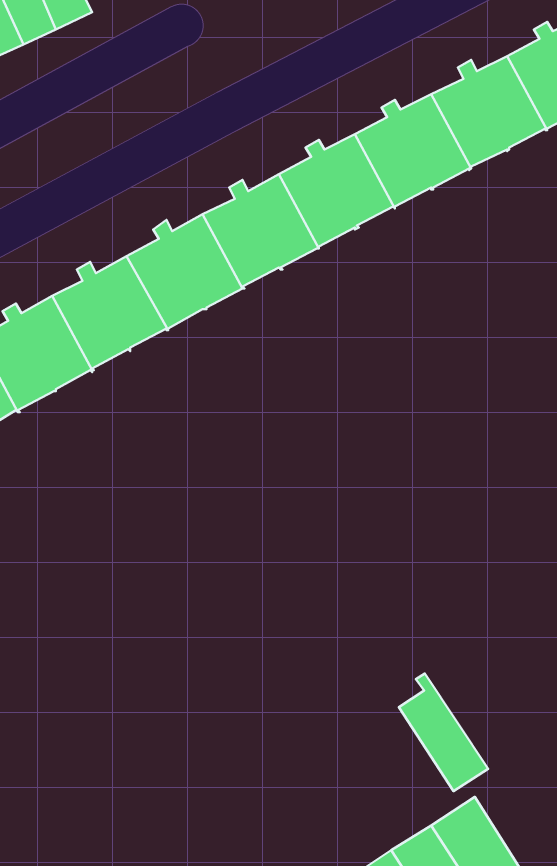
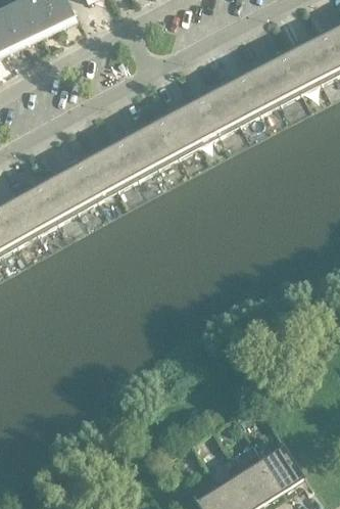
building: [399,673,488,791] -> none

